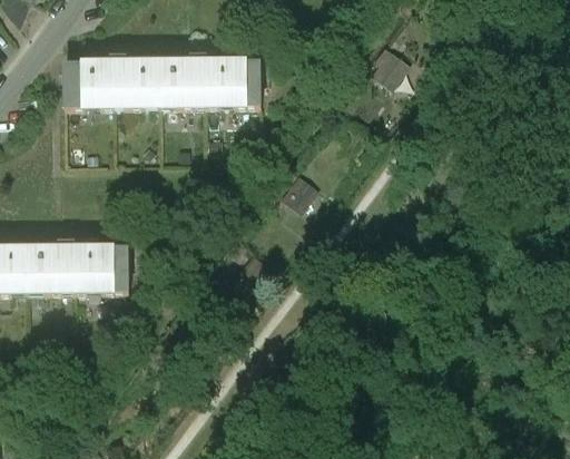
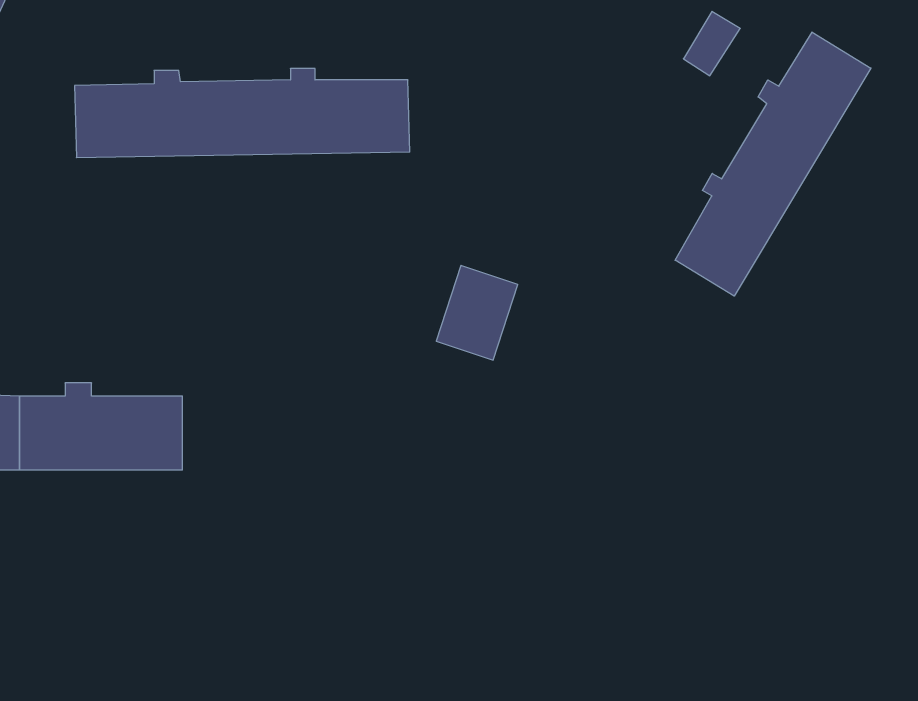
building: none -> [675,32,871,296]
building: [379,47,412,85] -> [683,11,740,76]

